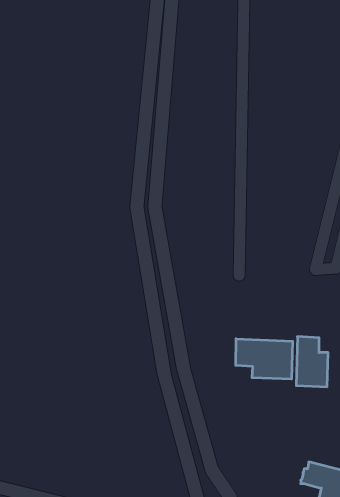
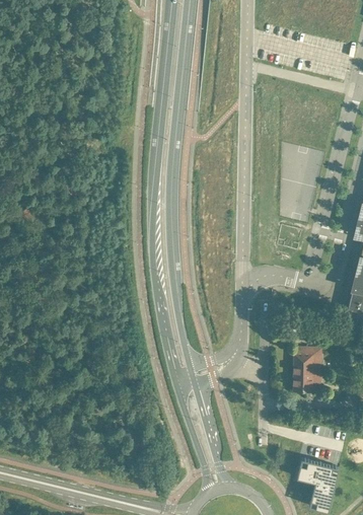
building: [236,339,293,379] -> none

